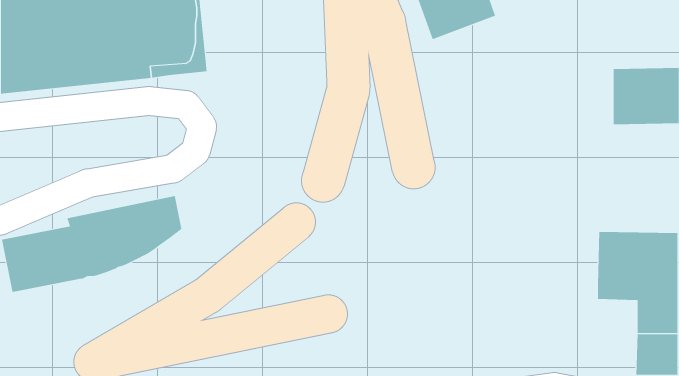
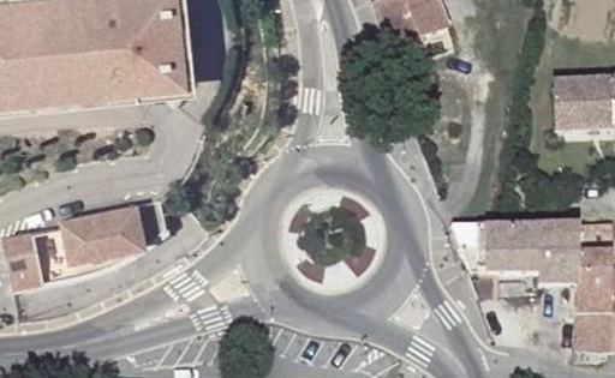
building: none -> [453,228,541,278]

